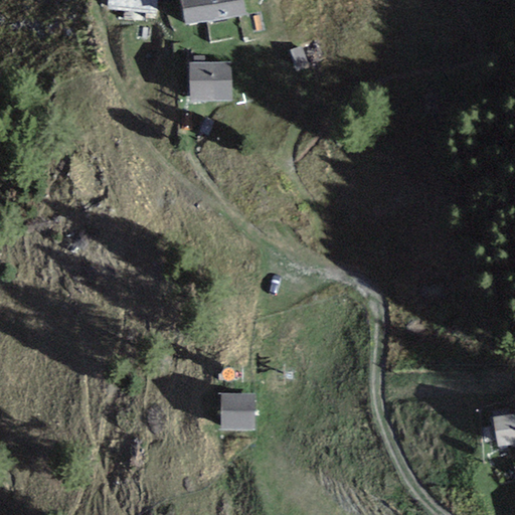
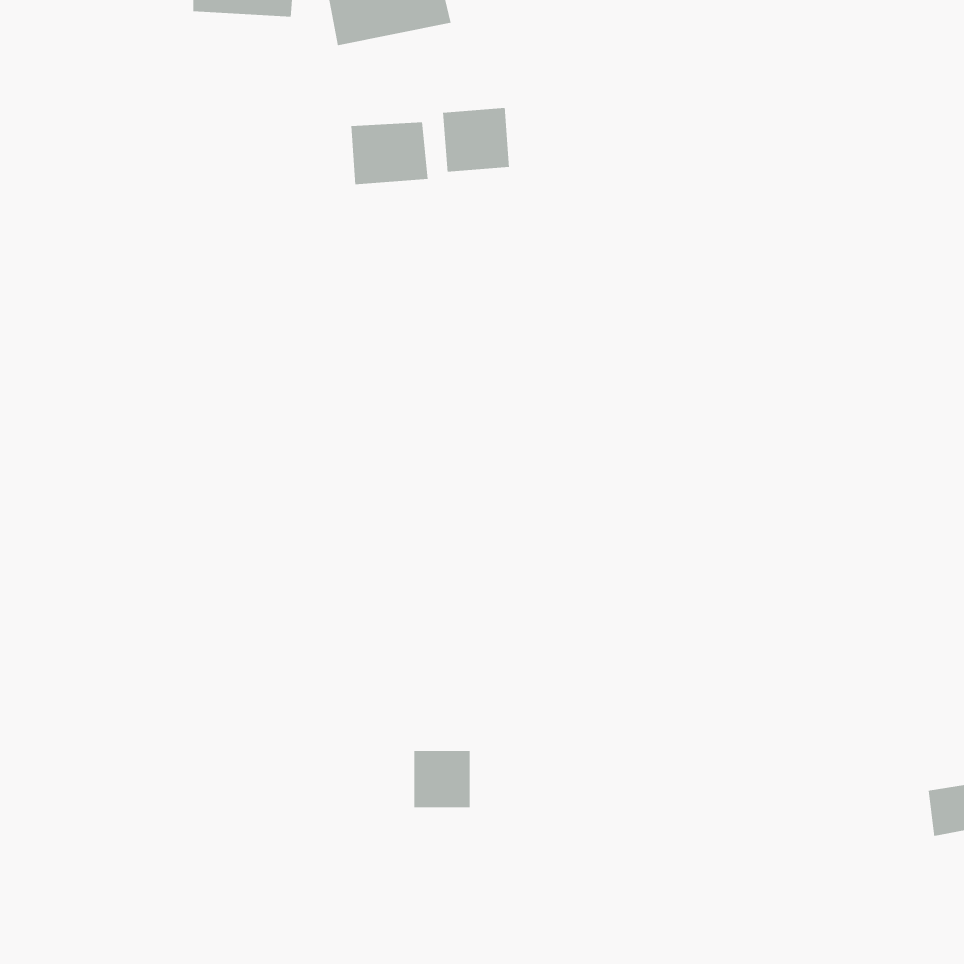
building: none -> [442,107,510,172]

